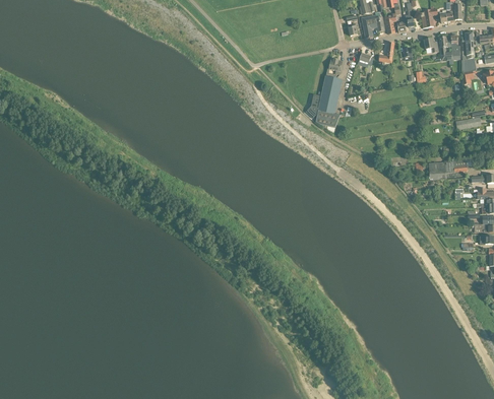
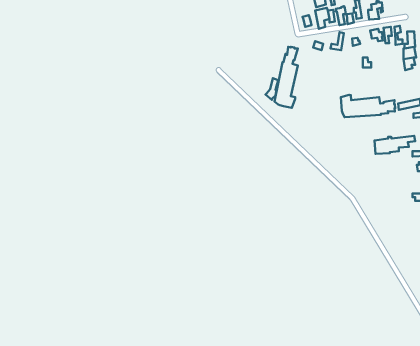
building: none -> [341,95,395,117]

